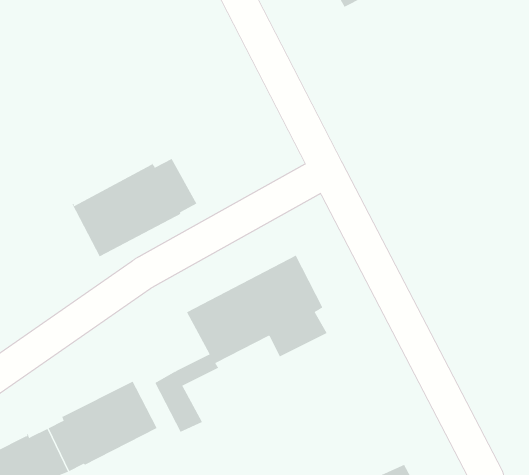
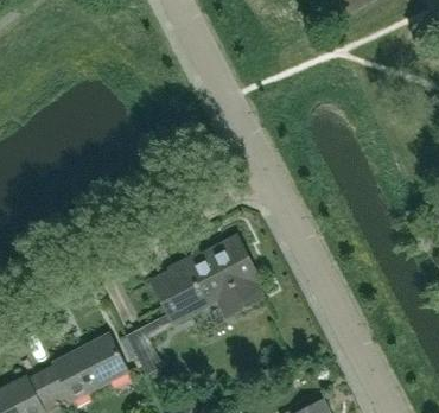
building: [72,158,197,257] -> none

